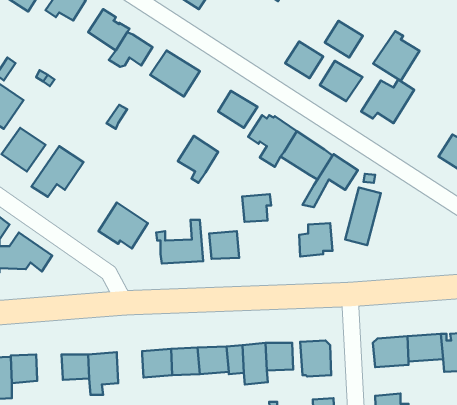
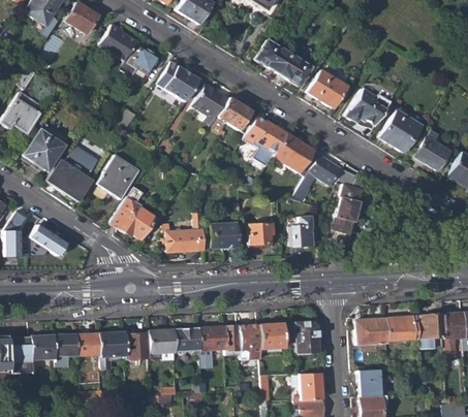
building: [325,21,363,58] -> [256,39,290,72]
building: [373,31,419,81] -> [380,107,422,152]
building: [178,136,218,183] -> [193,83,229,125]
building: none -> [96,155,139,199]
building: [242,194,271,222] -> [249,223,275,248]
building: none -> [55,333,79,356]
building: none -> [127,333,152,358]

